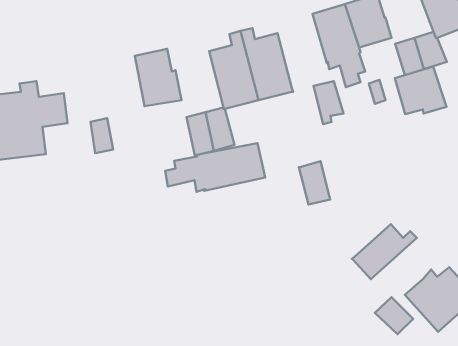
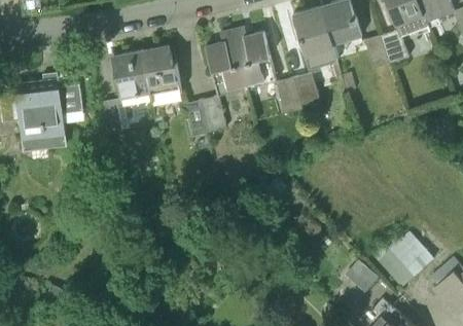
building: none -> [115,50,149,99]
building: [395,66,446,114] -> none
building: [165,143,265,192] -> none
building: [299,161,330,204] -> [276,76,302,113]
building: [352,224,417,279] -> none

